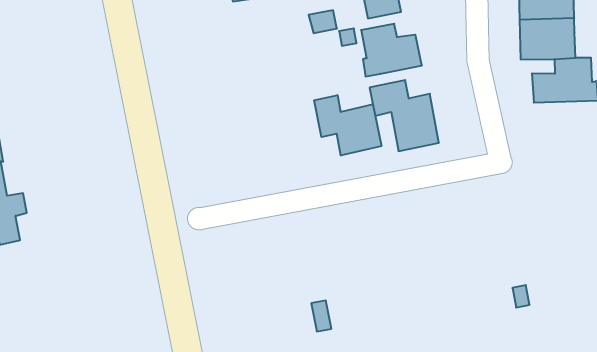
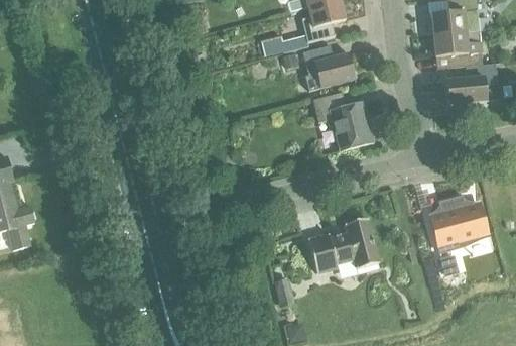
building: [314,95,381,156] -> none
building: none -> [429,195,488,251]
building: none -> [307,218,378,271]

